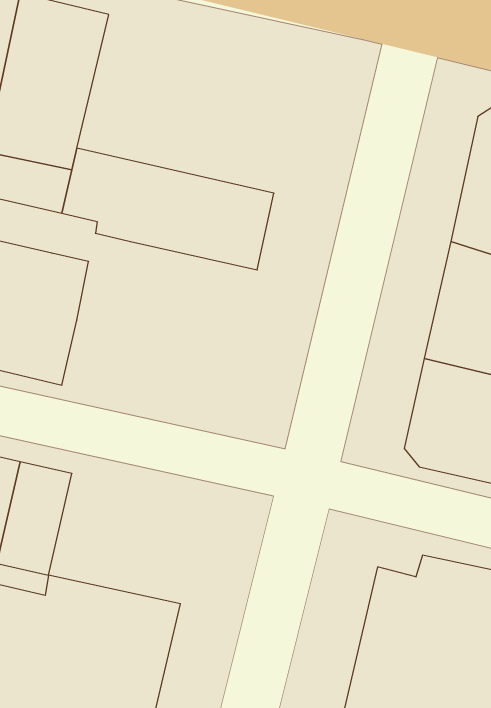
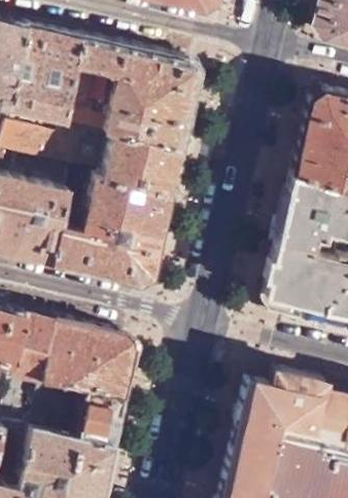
building: none -> [61,38,199,148]
building: none -> [51,178,172,287]
building: none -> [43,321,136,401]

